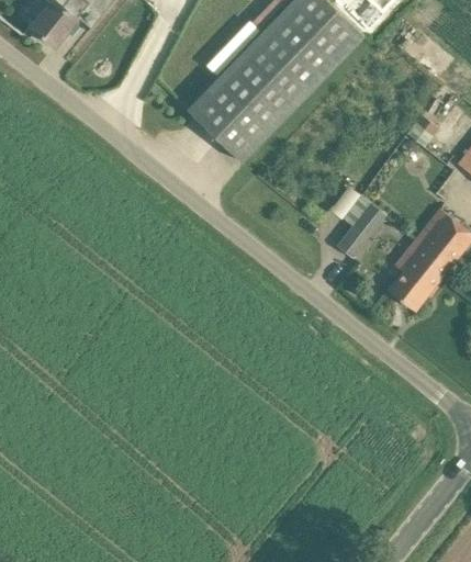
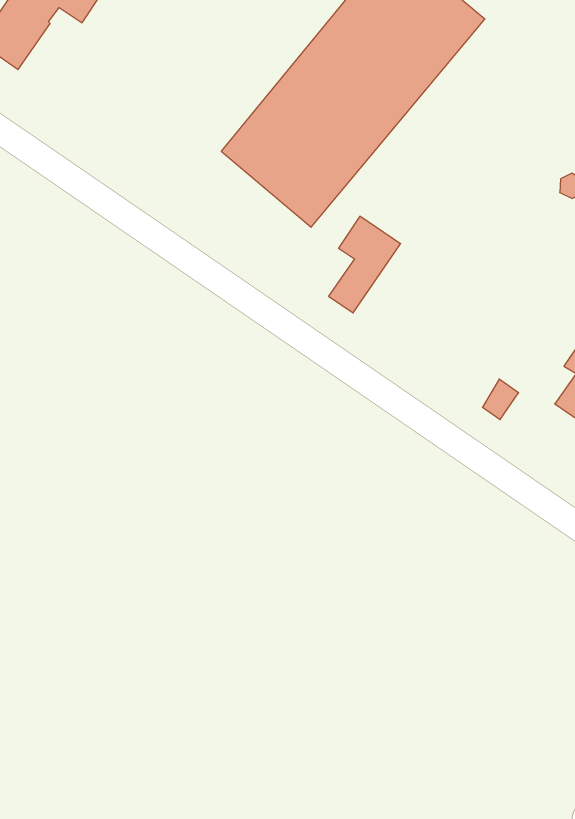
building: [338,195,388,258] -> [329,216,401,313]

